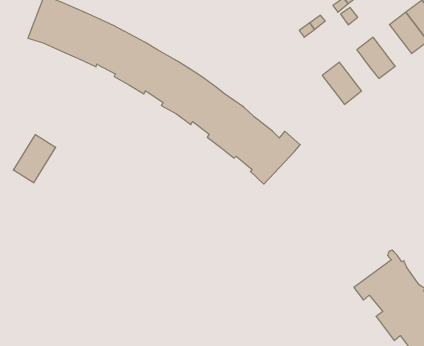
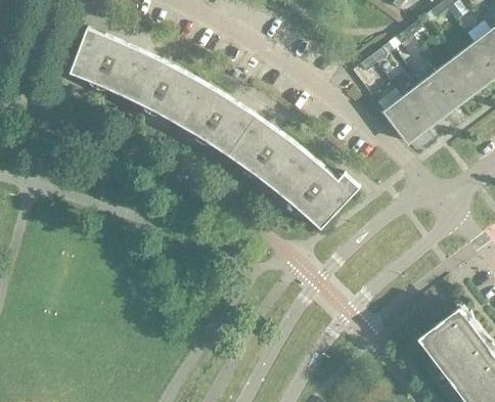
building: none -> [437,59,478,103]
building: none -> [401,86,443,130]
building: [13,135,56,183] -> none

